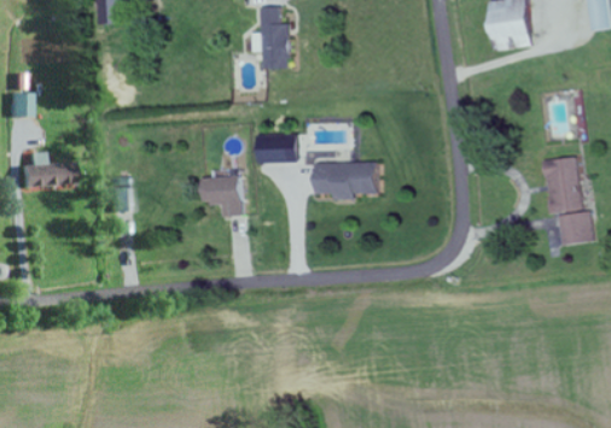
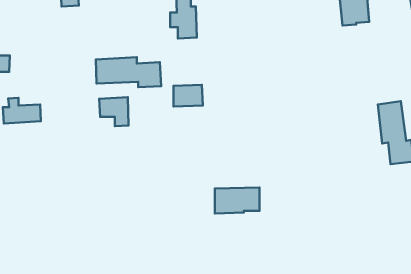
building: none -> [96,57,161,87]
building: [314,162,377,198] -> [215,188,260,213]
building: [200,176,242,217] -> [99,97,129,126]

